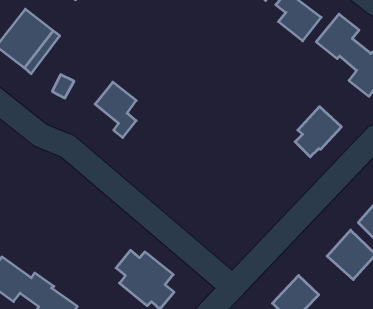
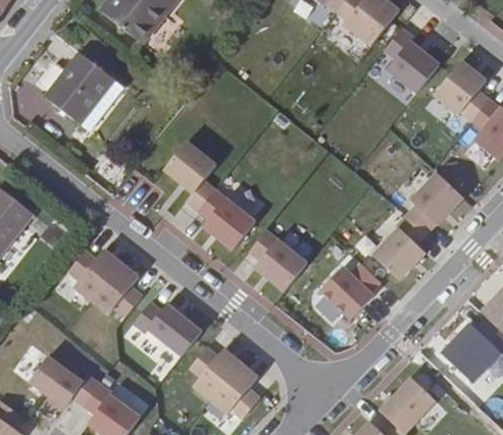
building: none -> [197,189,254,250]
building: none -> [372,215,424,280]
building: none -> [249,230,306,290]
building: none -> [67,250,142,317]
building: none -> [318,262,379,318]
building: none -> [133,302,201,356]

